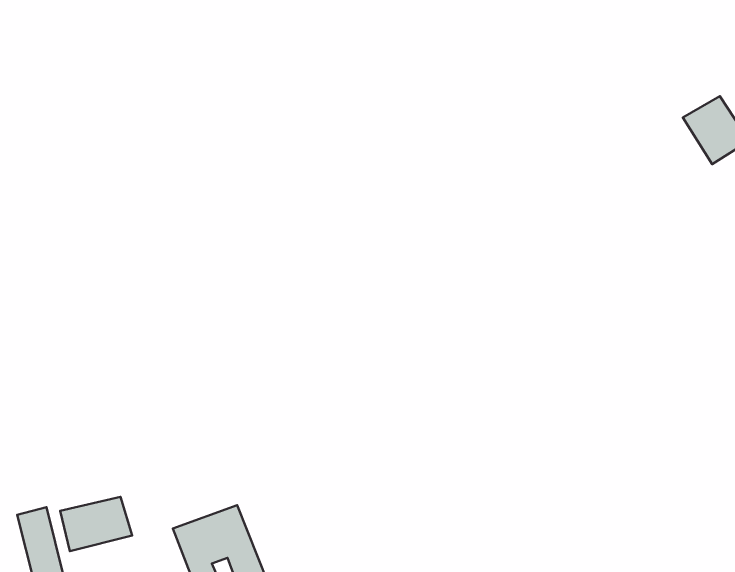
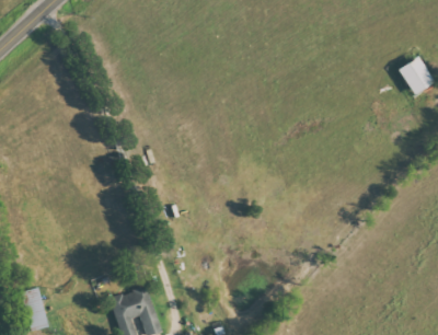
building: [60,497,132,551] -> none

